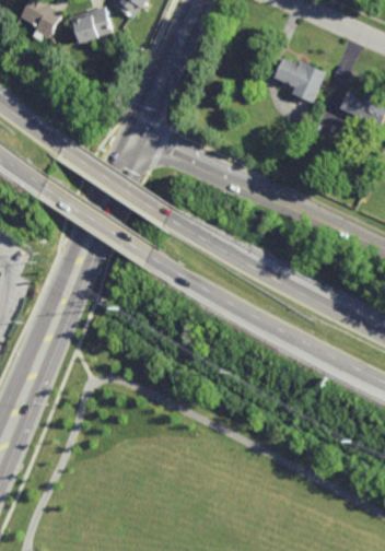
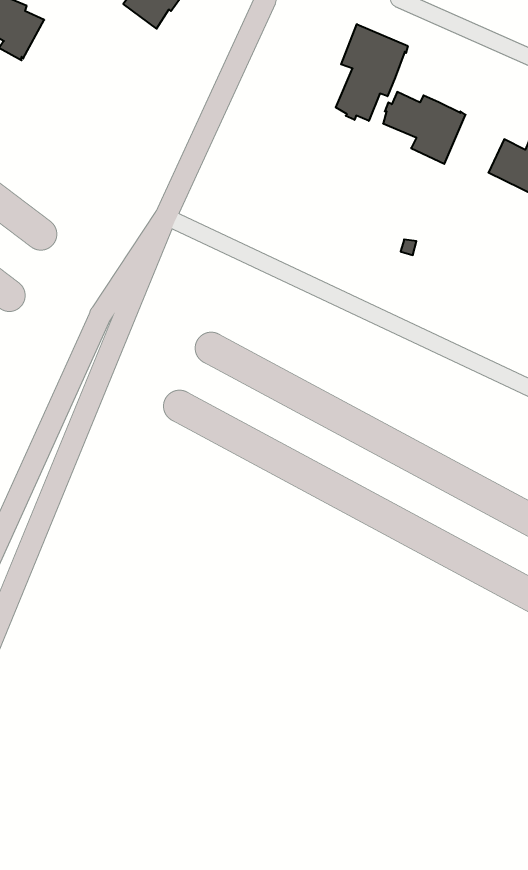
building: [66,5,112,44] -> none
building: none -> [336,24,408,121]

